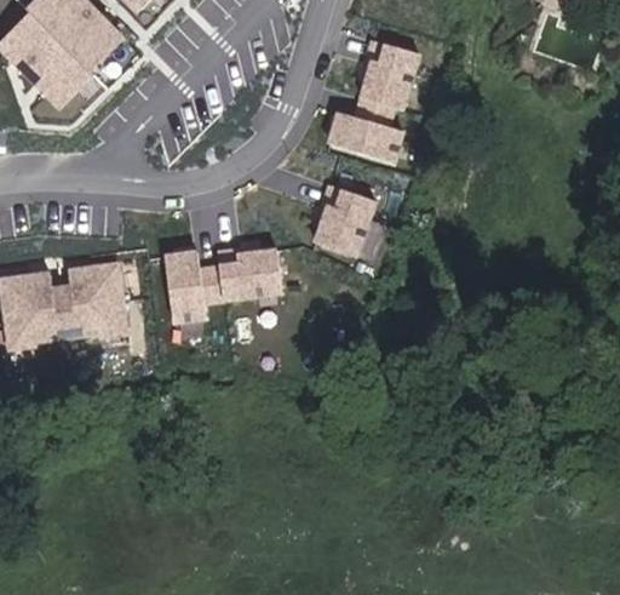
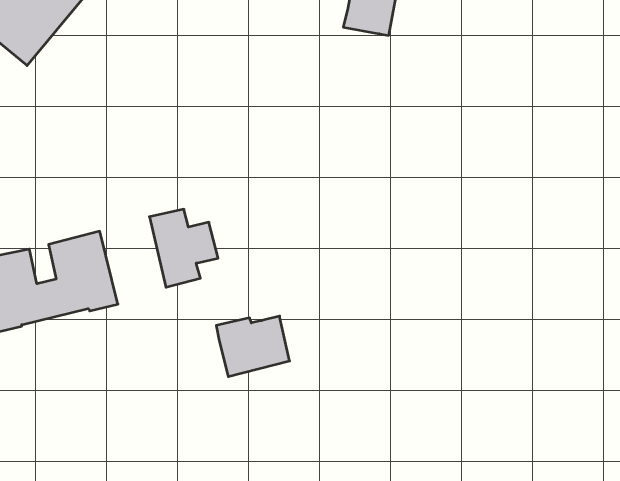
building: [329,98,402,162] -> none
building: [315,184,374,256] -> none
building: [217,247,281,299] -> [216,316,290,377]

